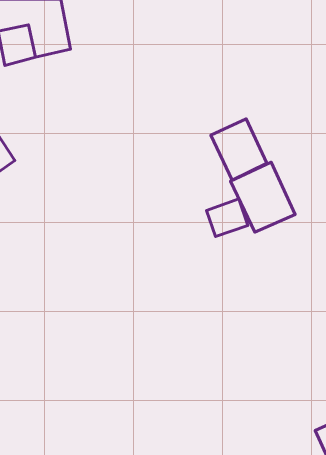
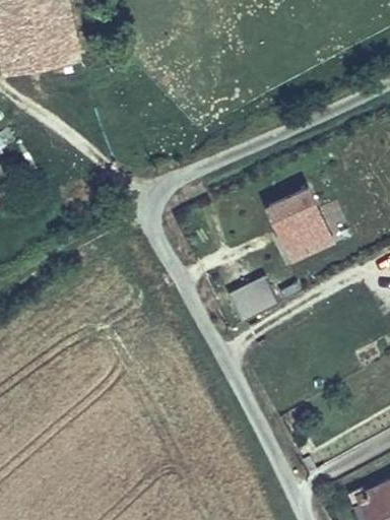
building: [211,119,267,180] -> none
building: [207,199,248,236] -> [232,277,278,320]

